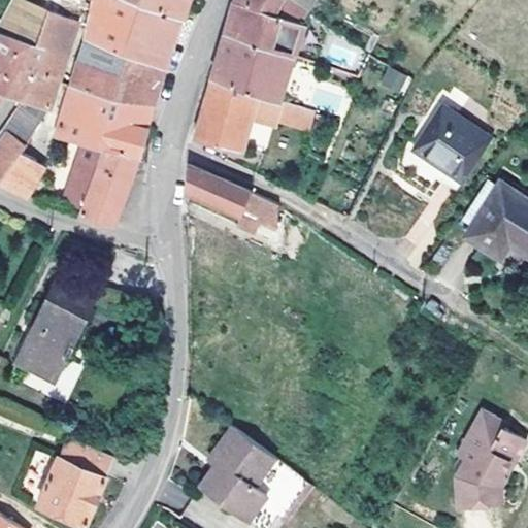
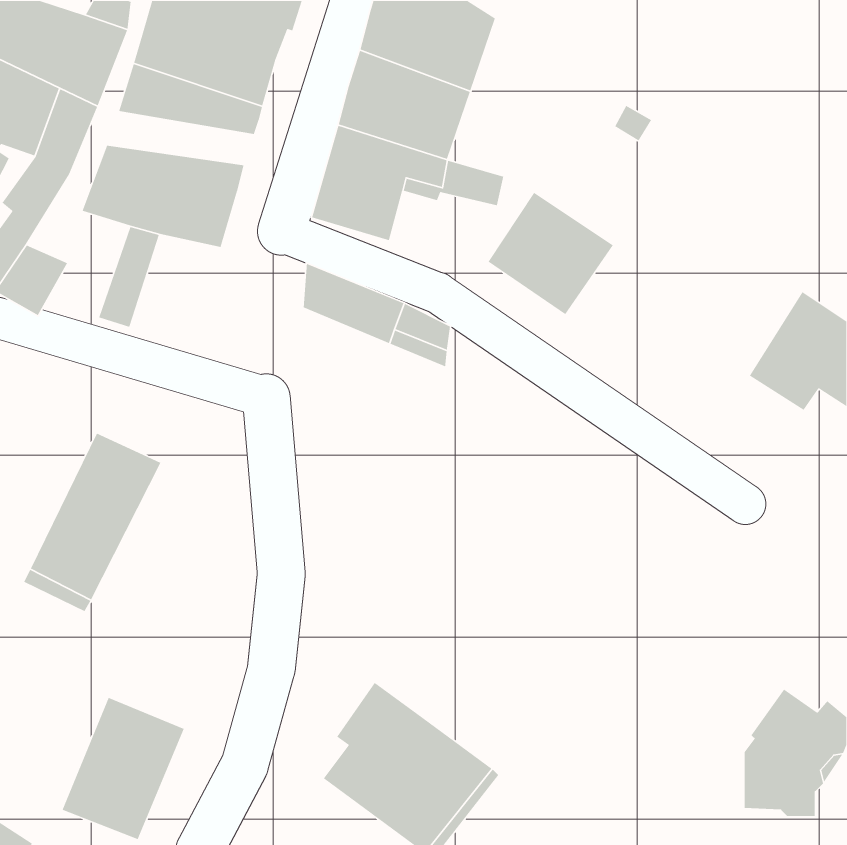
building: [66,72,158,105] -> none
building: [410,106,489,183] -> [487,192,614,315]
building: [77,148,137,224] -> none

